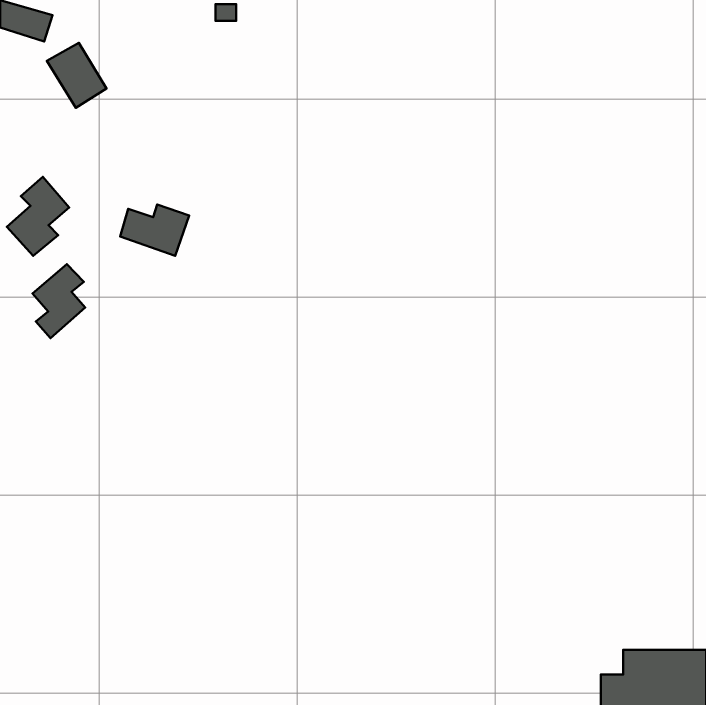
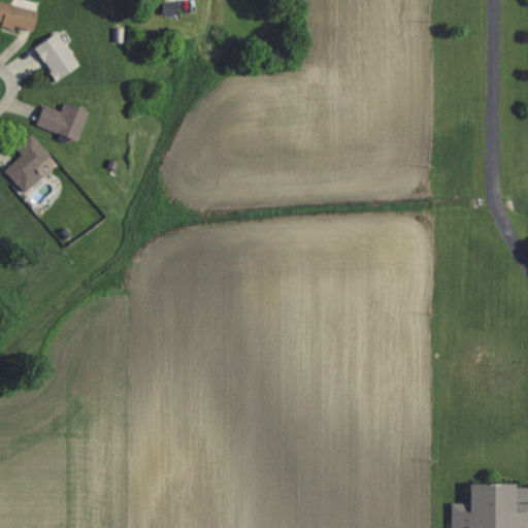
building: [120,205,189,256] -> [37,102,89,140]
building: [32,264,85,338] -> none

